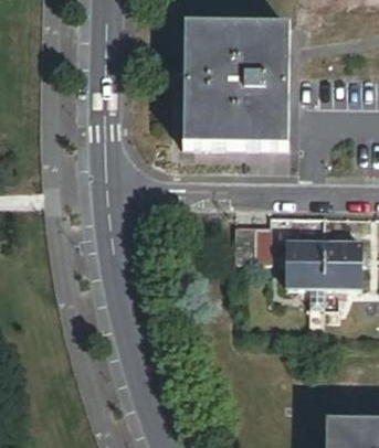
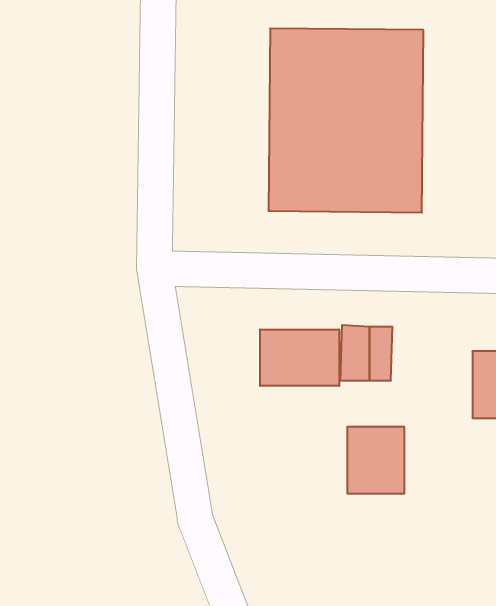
building: none -> [260,329,339,386]
building: [284,242,323,287] -> [347,427,404,494]

